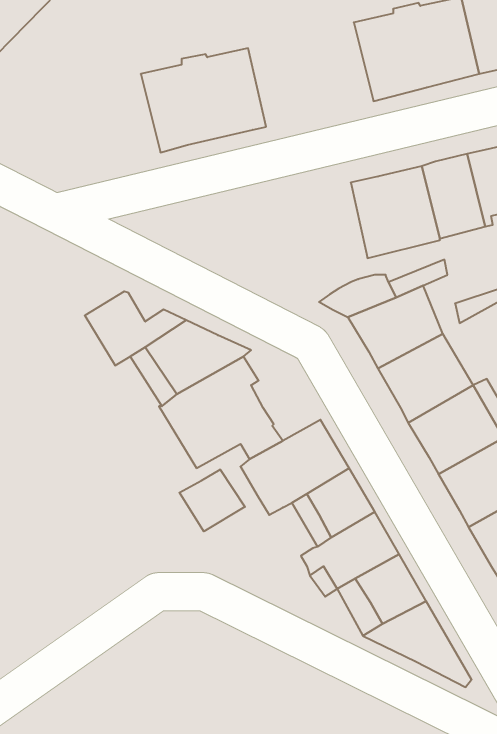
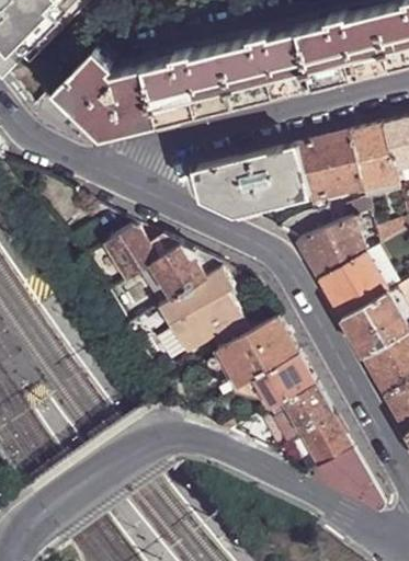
building: none -> [224,30,315,105]
building: none -> [57,50,160,137]
building: none -> [196,146,309,213]
building: [179,469,245,531] -> none

